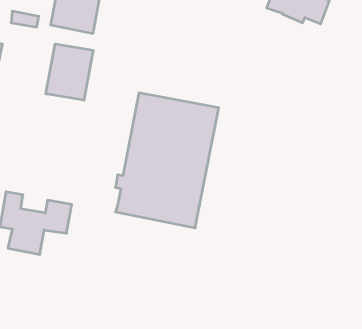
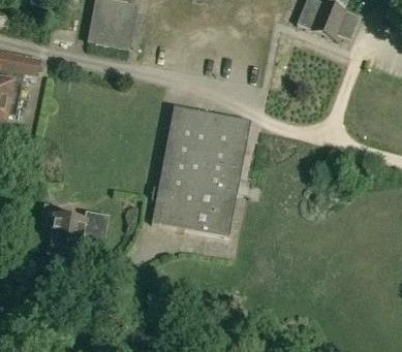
building: [46,44,93,100] -> none

